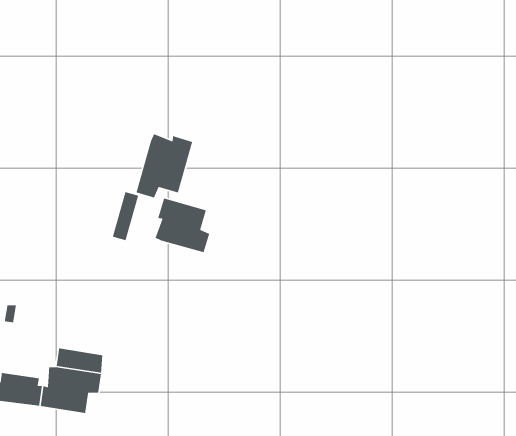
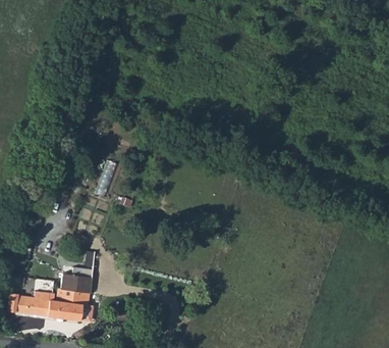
building: [135,133,193,199] -> none
building: [154,198,210,253] -> none

